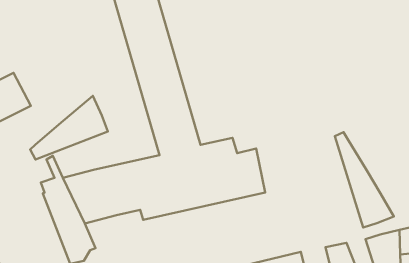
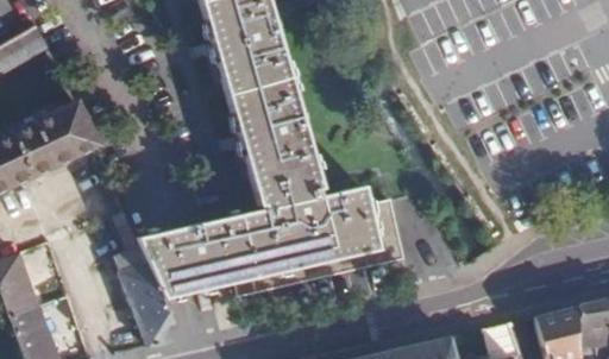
building: [30,96,108,159] -> none
building: [335,132,394,228] -> none

